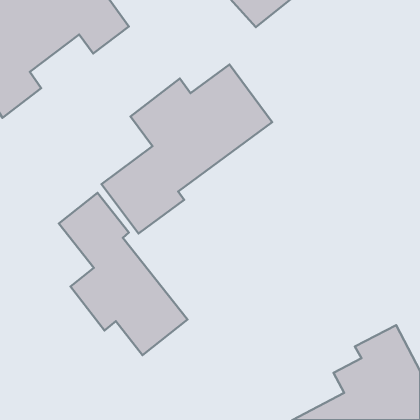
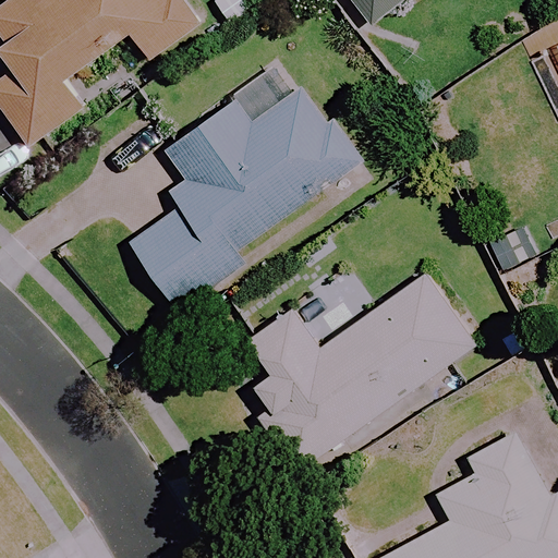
building: [59,193,188,355] -> none
building: none -> [248,272,475,471]

